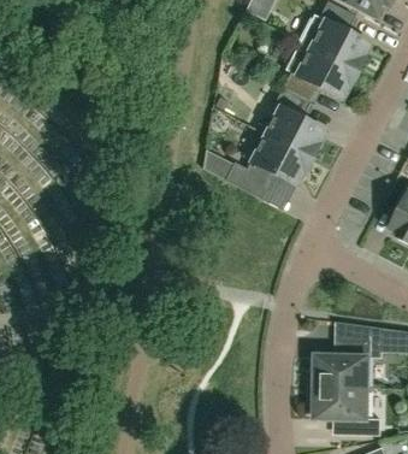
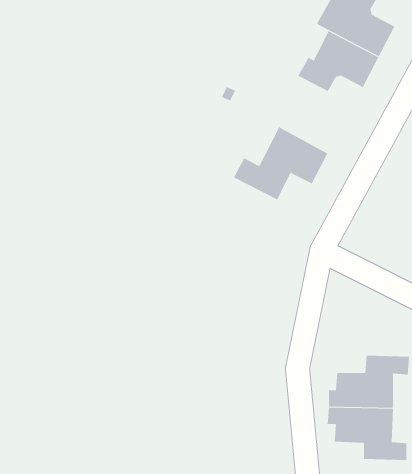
building: [265,88,324,158] -> none

